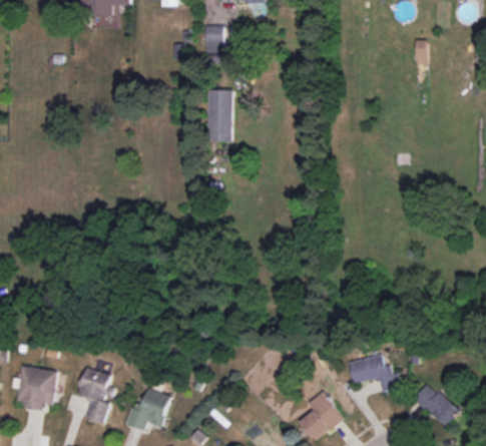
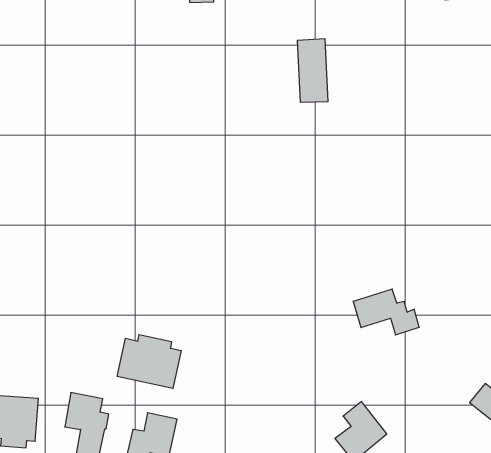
building: [207,90,231,142] -> [297,39,328,102]
building: none -> [117,335,181,389]
building: [348,355,401,393] -> [353,289,419,335]

